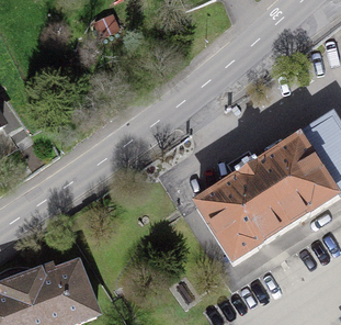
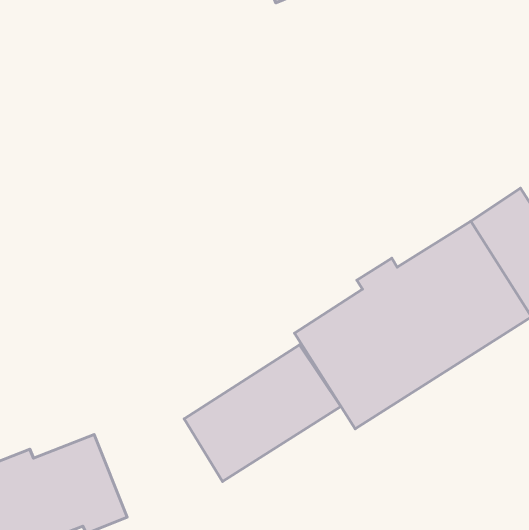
building: none -> [184,345,341,482]

